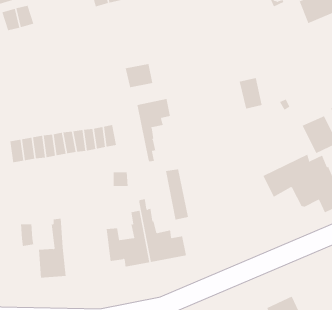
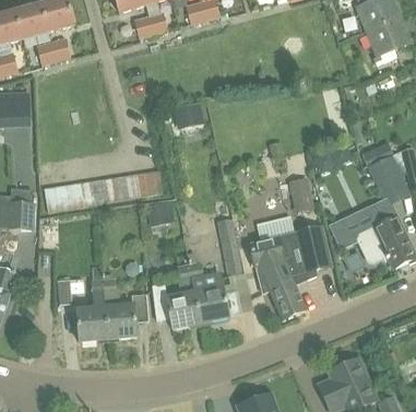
building: [239,78,262,109] -> [287,175,313,210]
building: [137,98,171,162] -> none
building: none -> [246,224,332,319]
building: none -> [102,270,146,336]

